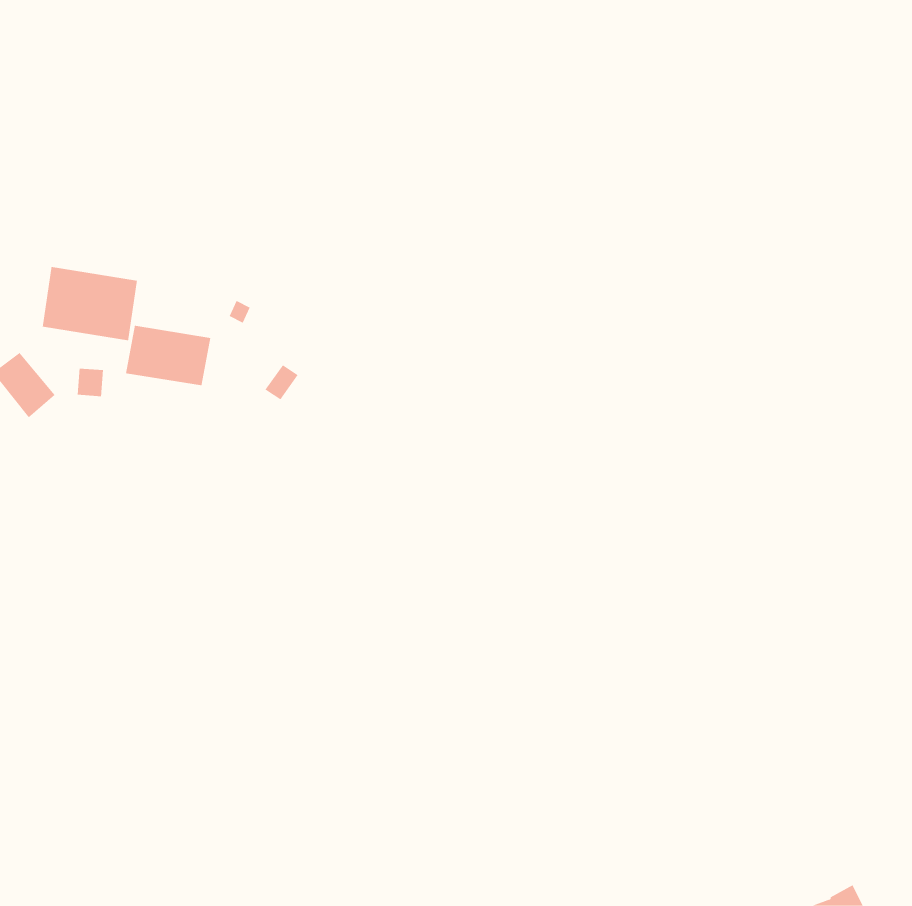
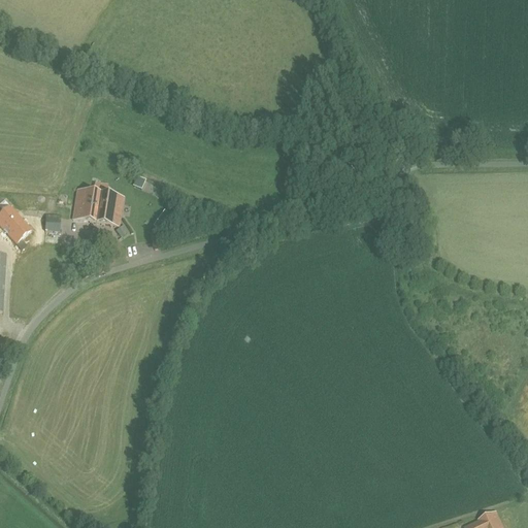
building: [42,266,137,341] -> none

